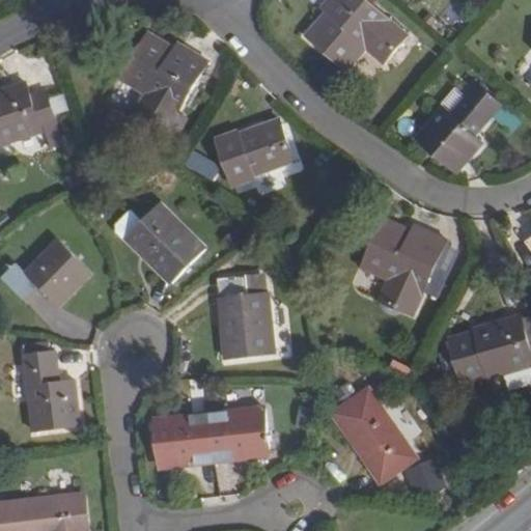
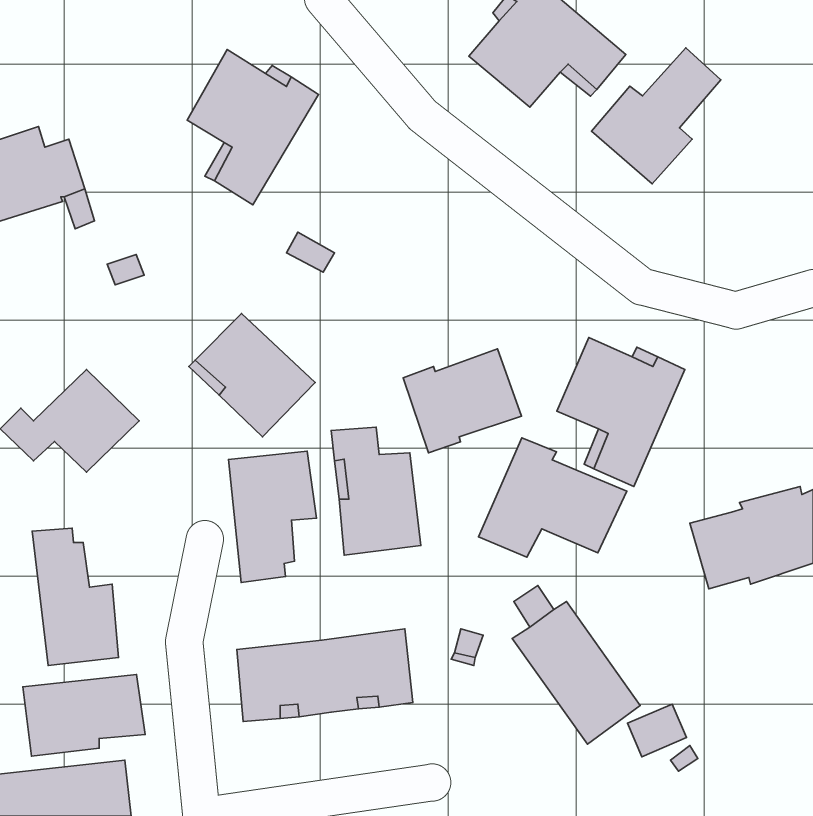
building: [416,84,500,172] -> [591,48,721,184]
building: [215,119,291,187] -> [403,349,521,453]
building: none -> [478,438,627,557]
building: none -> [229,451,317,583]
building: none -> [23,675,145,756]

